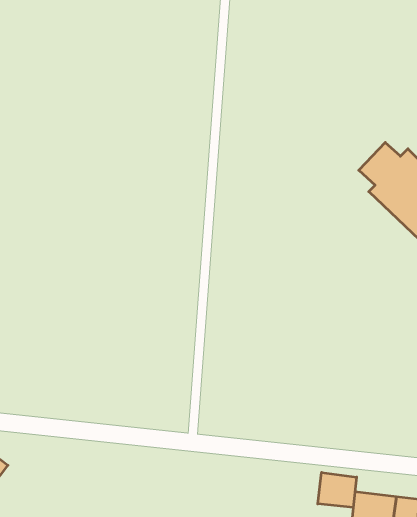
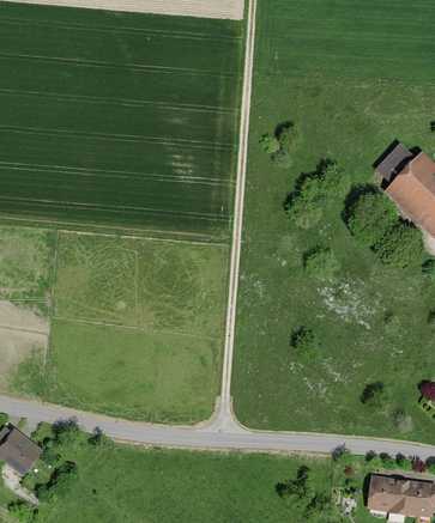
building: [318,472,357,508] -> none

